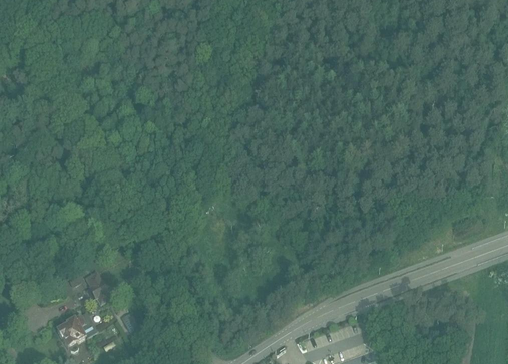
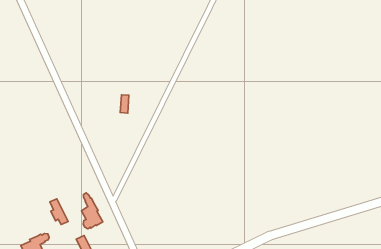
building: none -> [81,193,103,229]

